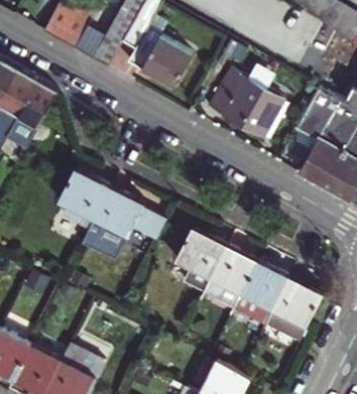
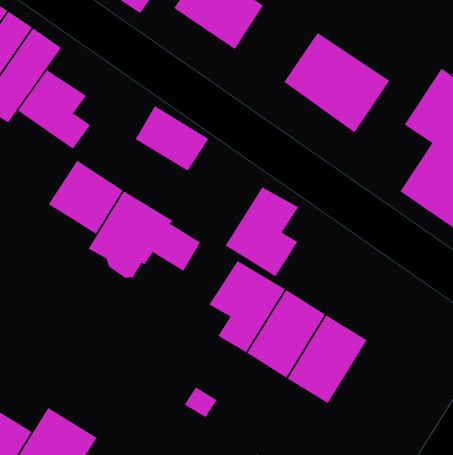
building: none -> [17,69,91,150]
building: none -> [135,105,209,172]
building: none -> [225,186,299,277]
building: [262,277,323,343] -> none

